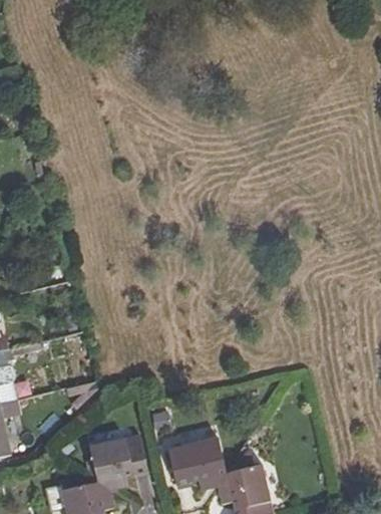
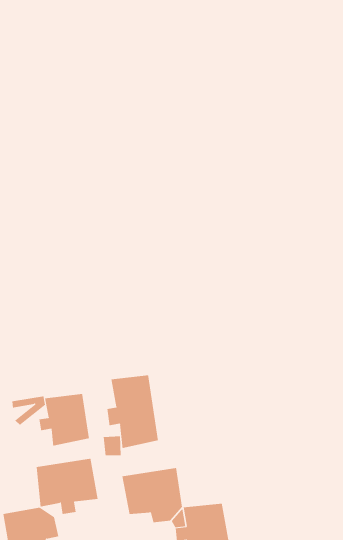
building: none -> [107,374,159,449]
building: none -> [39,393,90,446]

